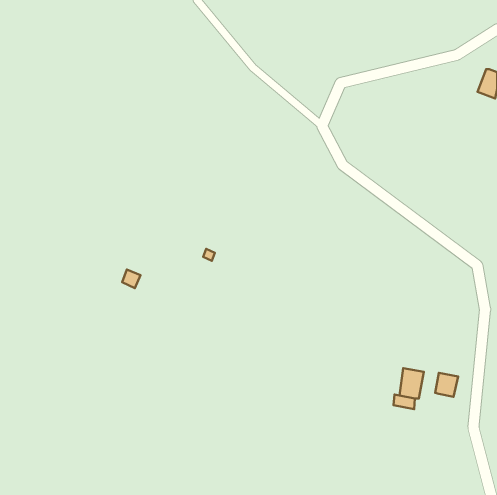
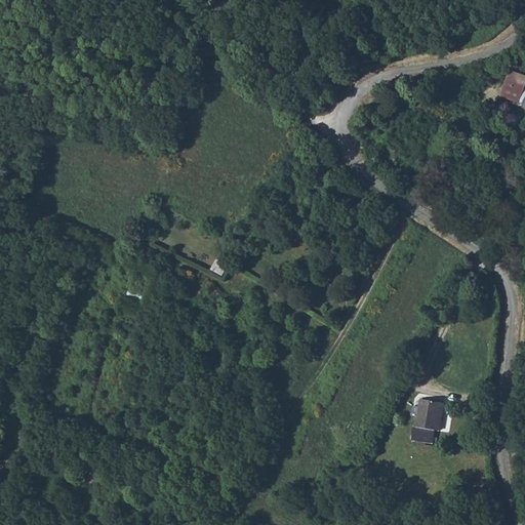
building: [435,373,458,397] -> none

